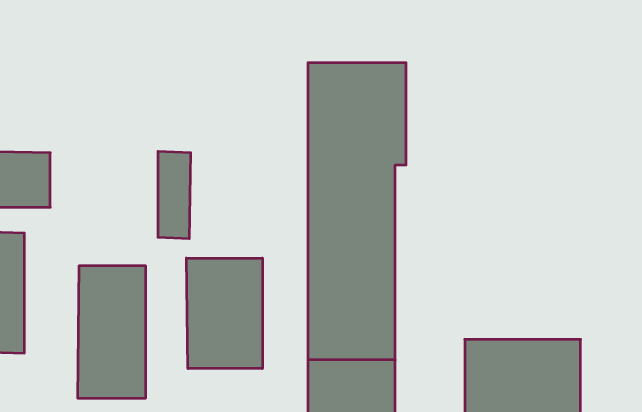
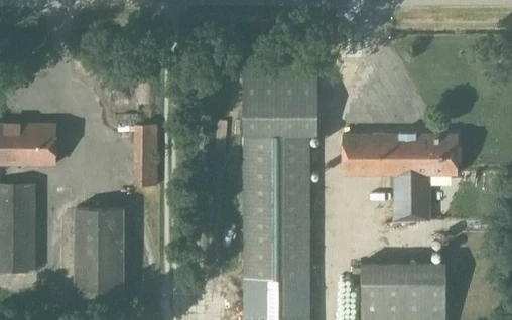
building: none -> [343,135,457,221]
building: [186,258,262,369] -> none

